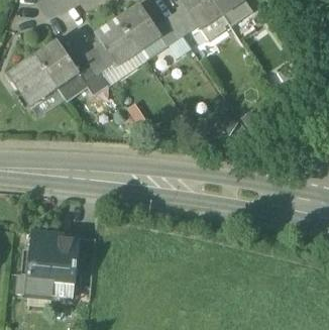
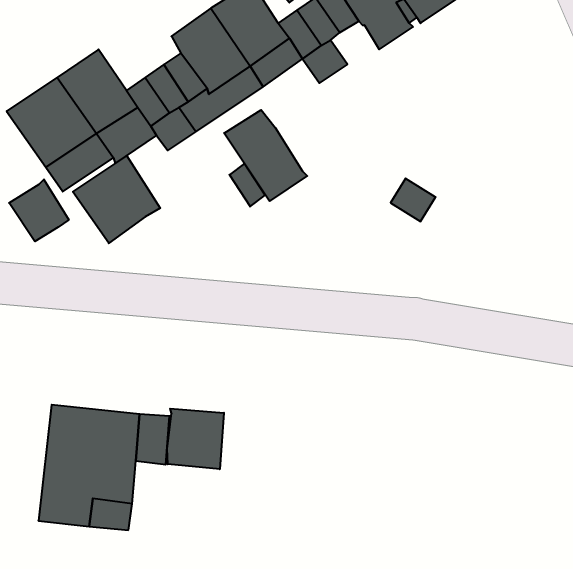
building: none -> [224,110,307,201]
building: none -> [73,156,160,243]
building: none -> [9,179,69,241]
building: none -> [167,409,224,469]

